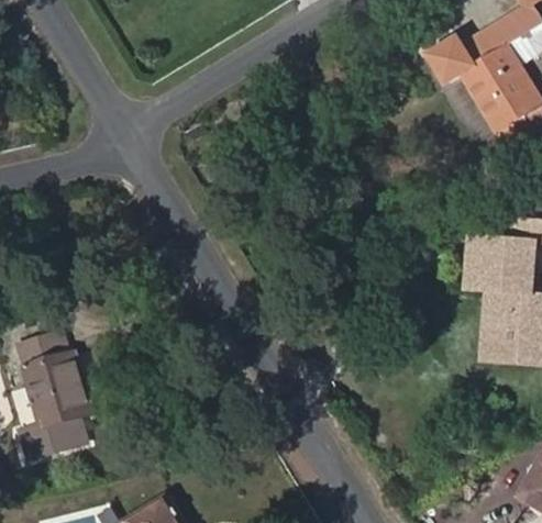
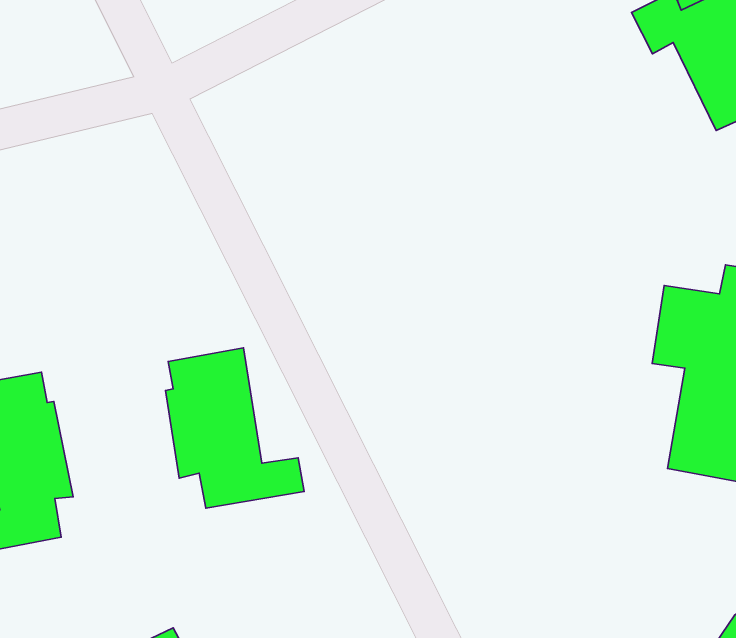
building: none -> [166,348,304,508]

